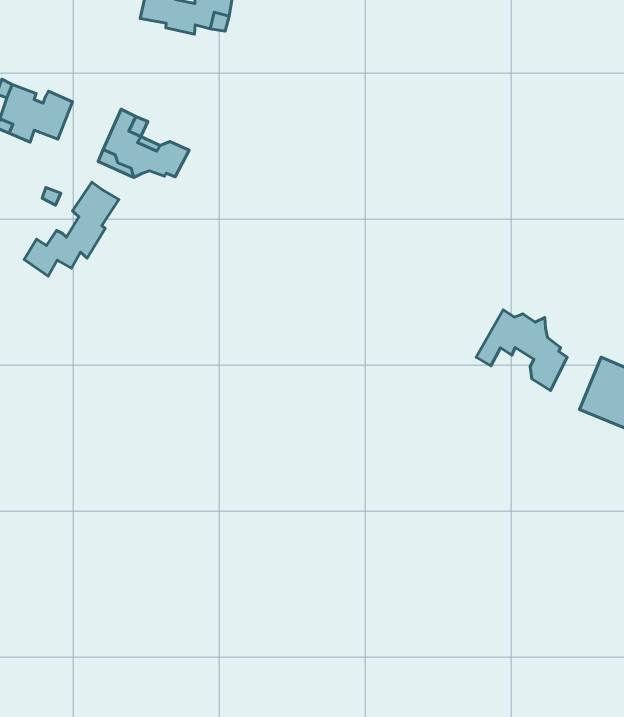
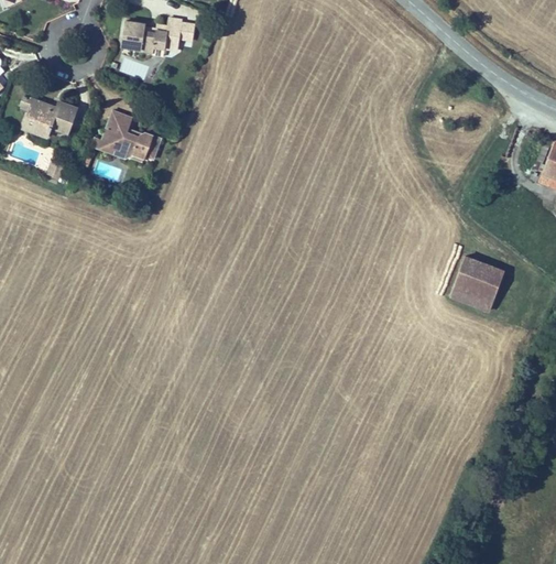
building: [24,182,119,276] -> none
building: [476,310,567,390] -> none

